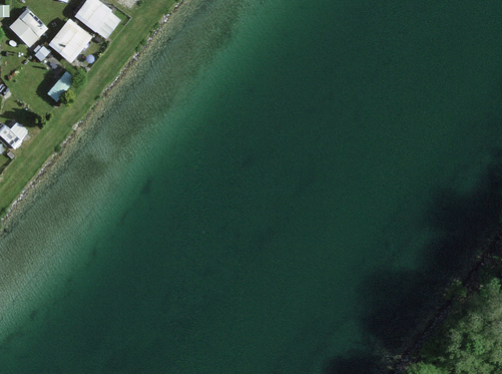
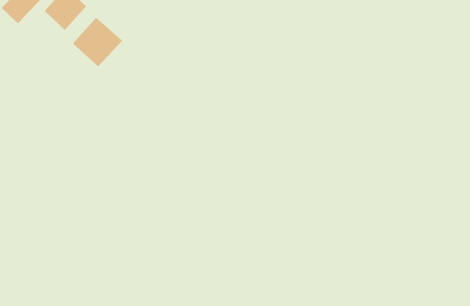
building: none -> [72,17,123,67]

